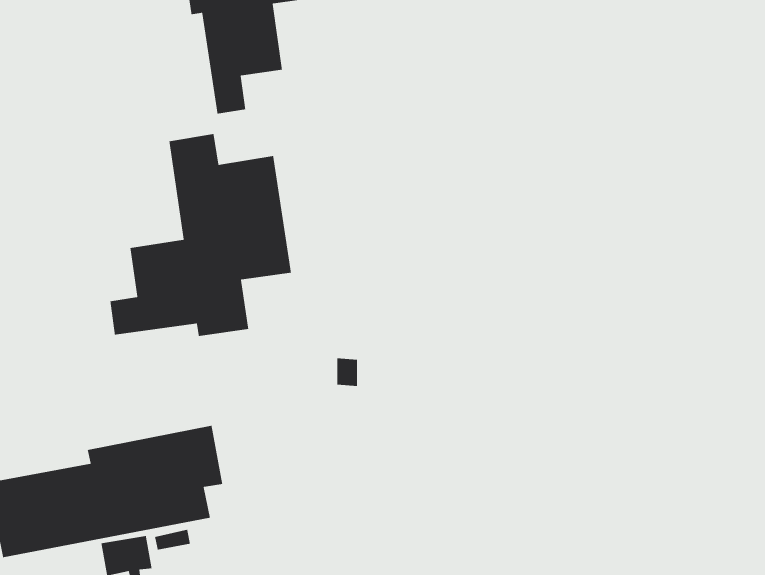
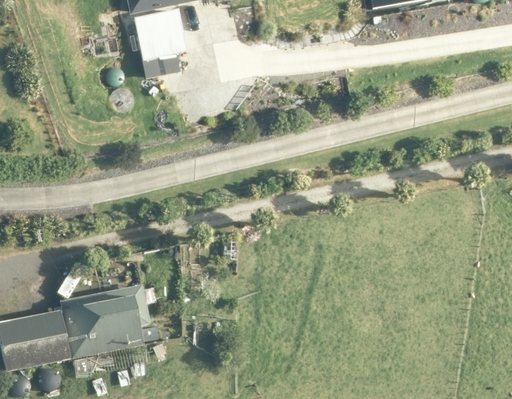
building: [109,133,292,337] -> none

